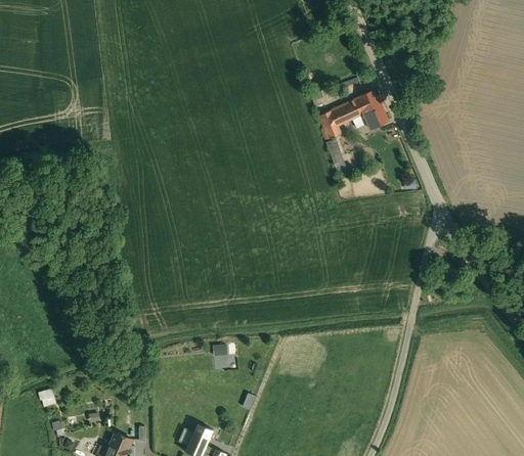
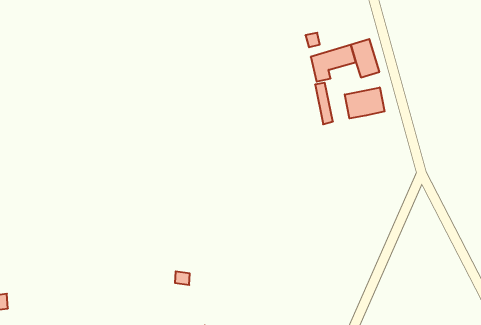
building: none -> [345,87,385,118]

